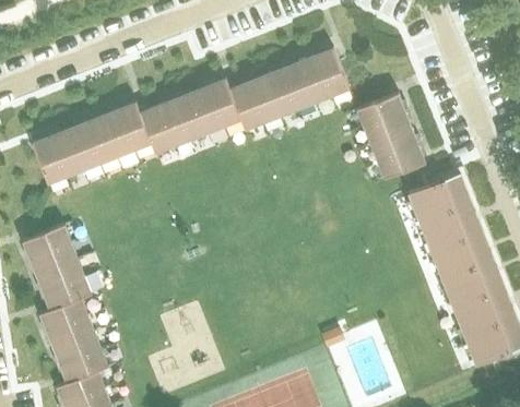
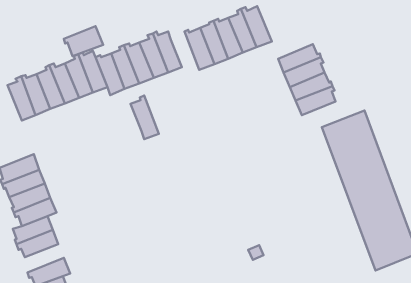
building: none -> [64,26,103,56]
building: [228,79,262,131] -> [131,96,159,139]
building: [52,334,99,368] -> none

